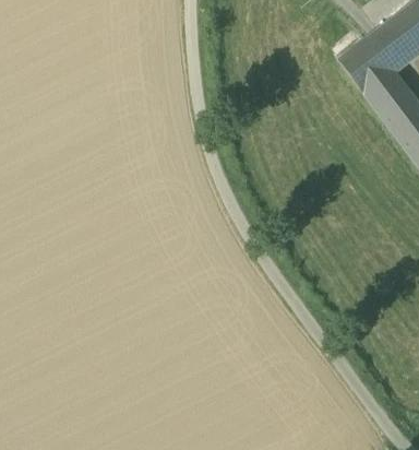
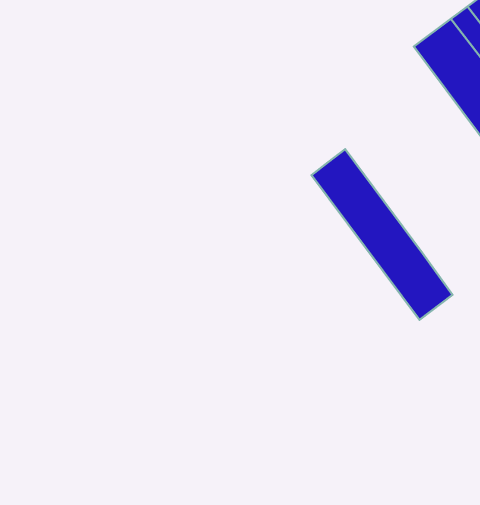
building: none -> [312,149,453,320]

